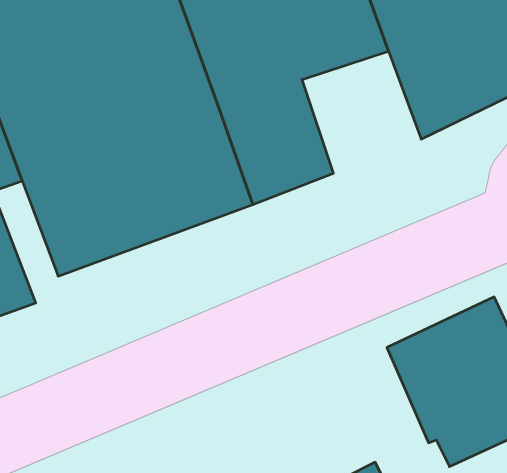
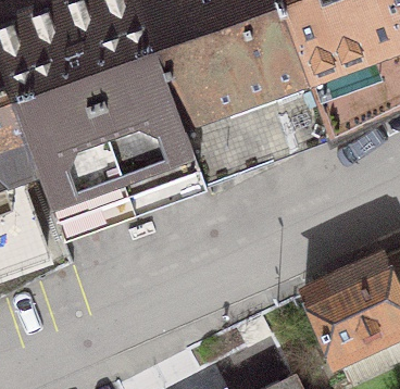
building: none -> [241,68,328,158]

